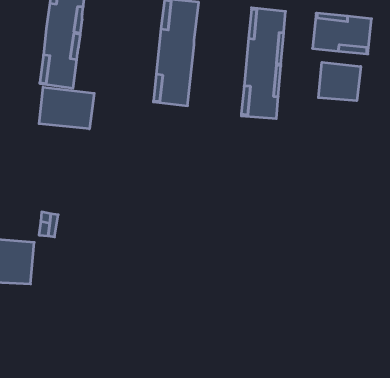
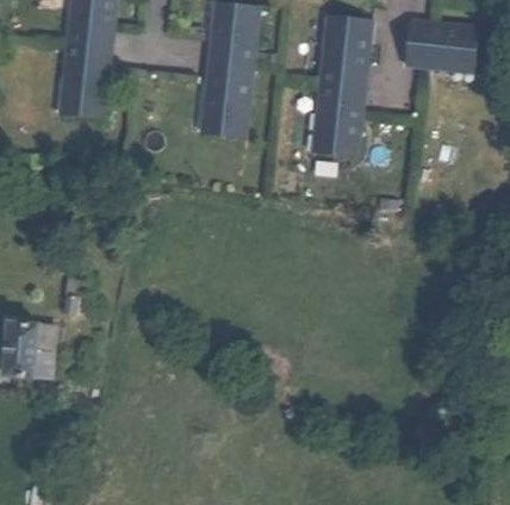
building: [318,62,361,101] -> none
building: [39,87,94,129] -> none

